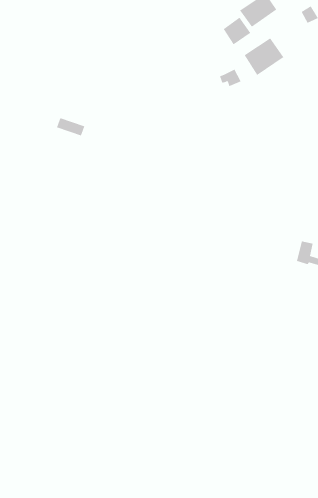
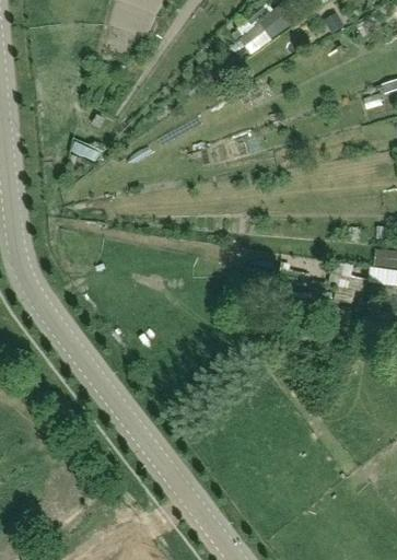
building: [244,38,284,76] -> none

